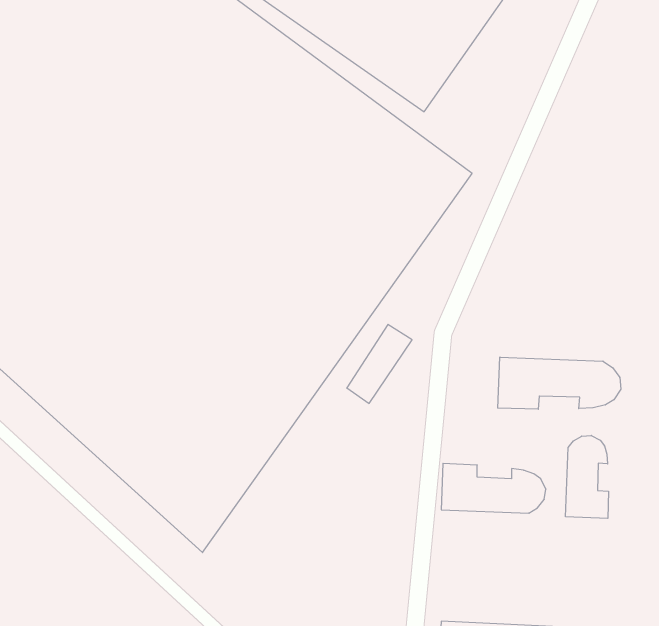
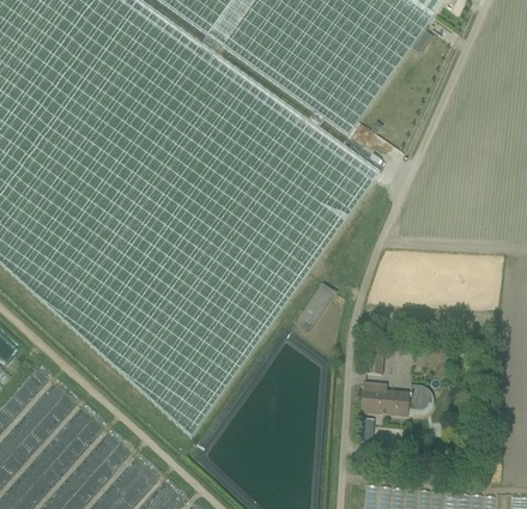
building: [498,357,621,409] -> none
building: [566,435,608,518] -> none

